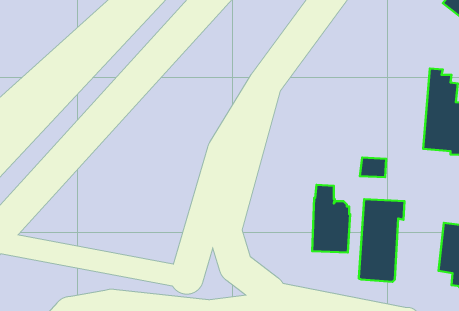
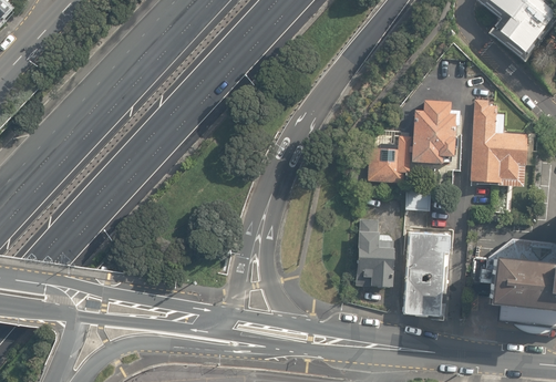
building: none -> [367,101,459,184]

